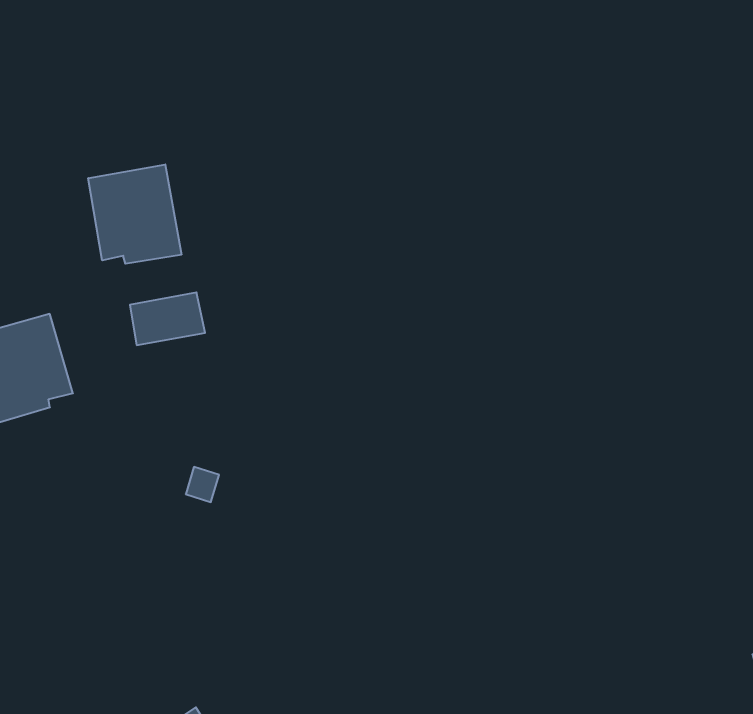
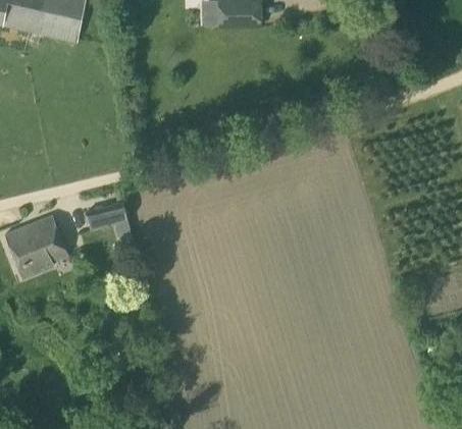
building: [88,164,181,264] -> none

